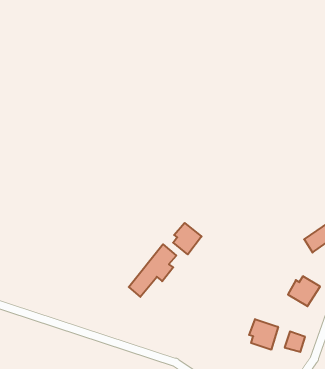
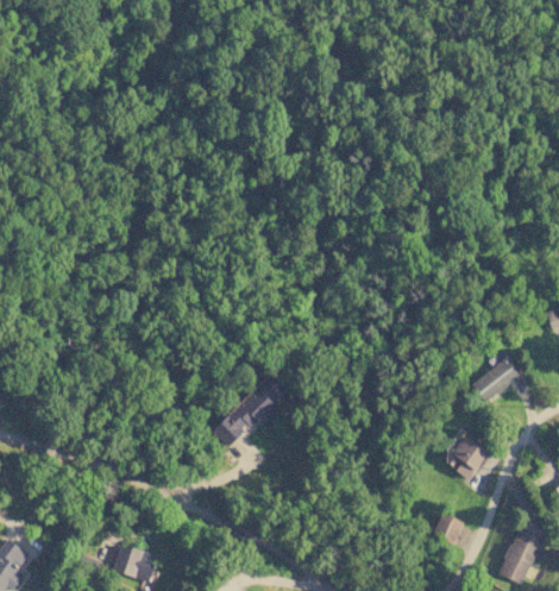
building: [173,223,202,254] -> none
building: [249,319,278,350] -> none

